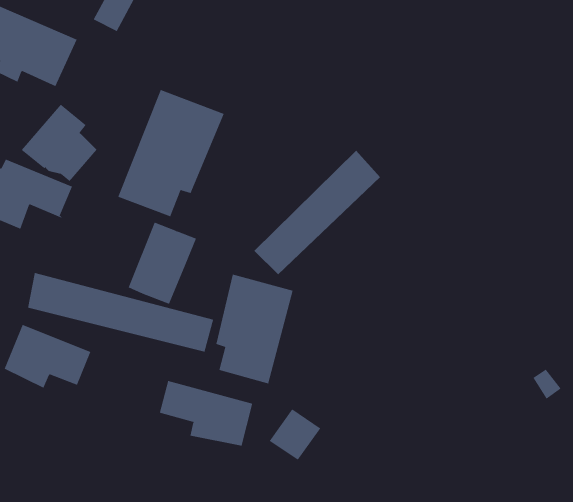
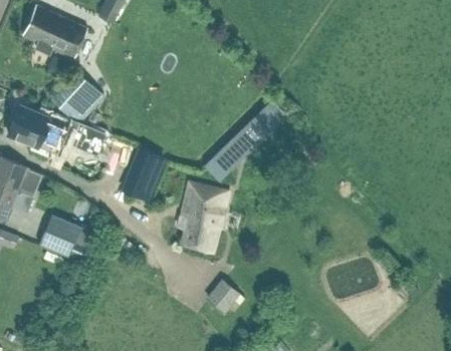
building: [118,89,224,217] -> none
building: [27,272,214,352] -> none
building: [159,380,253,447] -> none

